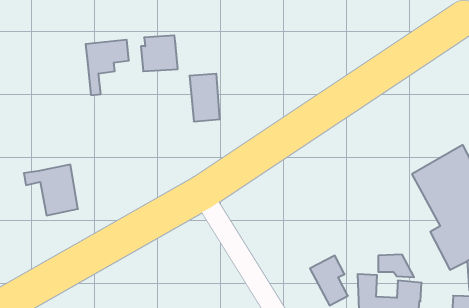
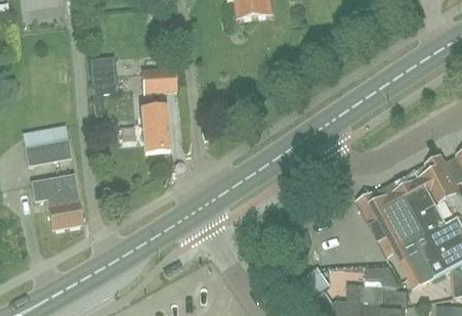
building: [189,74,220,121] -> [139,105,168,150]
building: none -> [23,137,71,165]
building: none -> [368,188,432,285]

